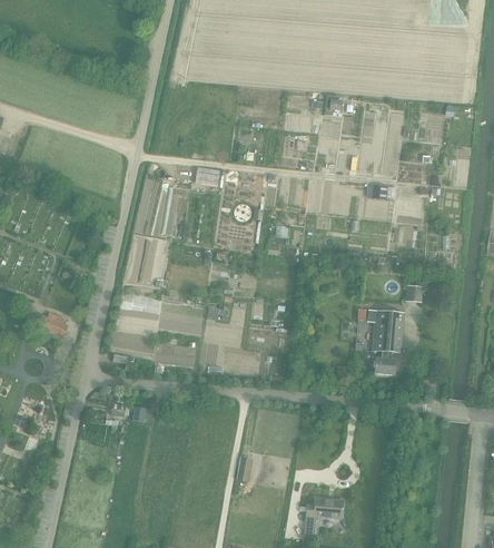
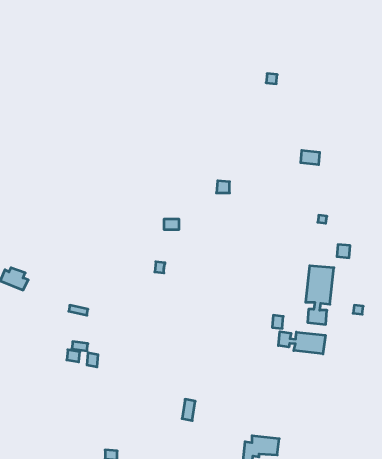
building: none -> [278,332,325,354]

